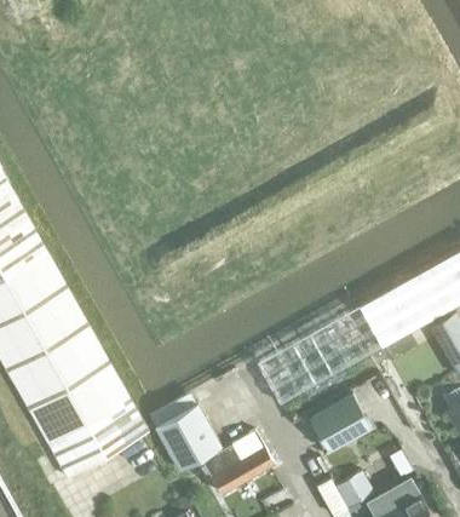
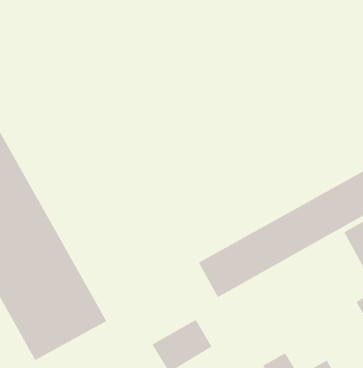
building: [310,395,372,454] -> none
building: [155,404,222,471] -> none

